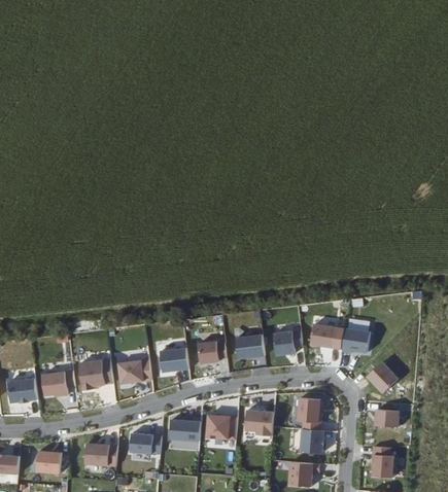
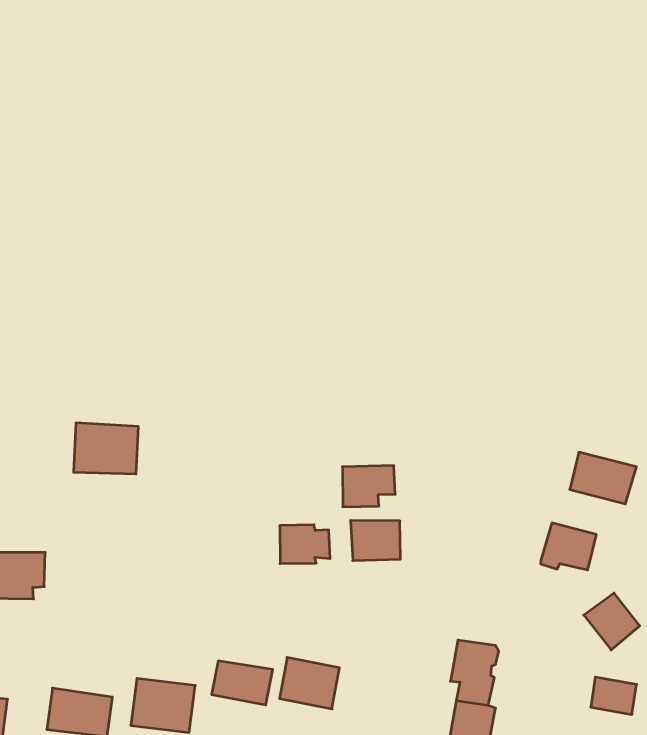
building: [310,323,345,349] -> [570,452,636,504]
building: [273,330,303,355] -> [342,466,395,507]
building: [160,347,188,371] -> none
building: [115,358,149,382] -> none
building: [76,359,111,387] -> [74,423,138,474]
building: [241,409,271,433] -> none

